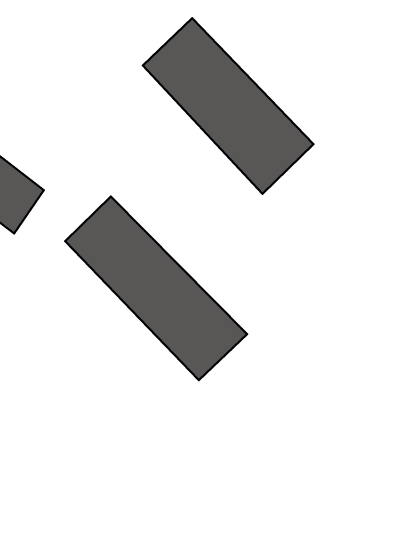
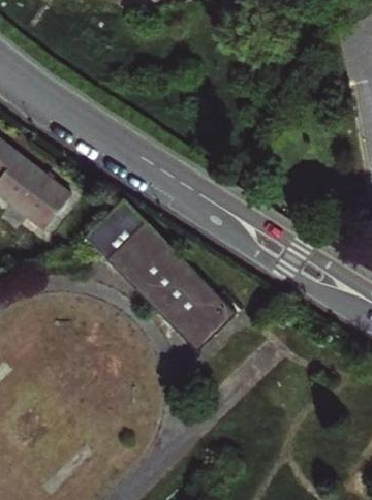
building: [143,18,313,194] -> none

